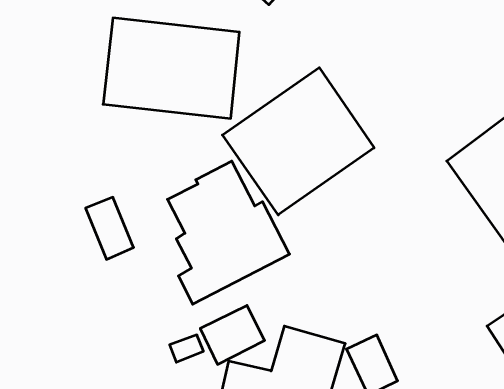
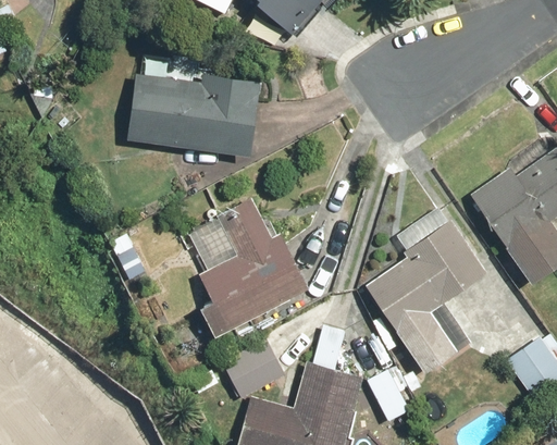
building: [222,68,374,215] -> none
building: none -> [366,210,487,373]

